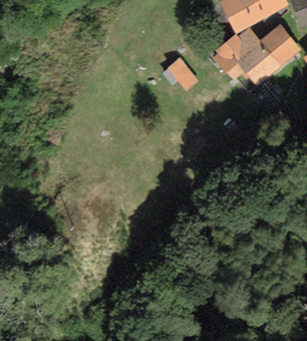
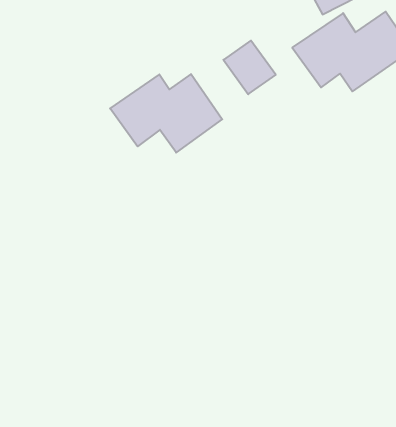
building: none -> [110,74,222,153]

